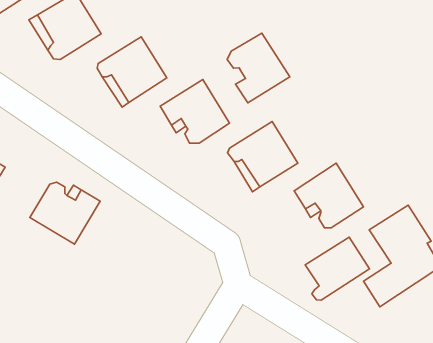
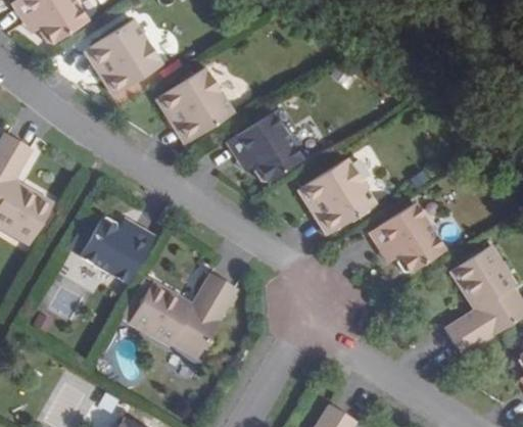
building: [227,33,290,103] -> none
building: none -> [134,276,243,361]
building: [305,237,370,300] -> none

